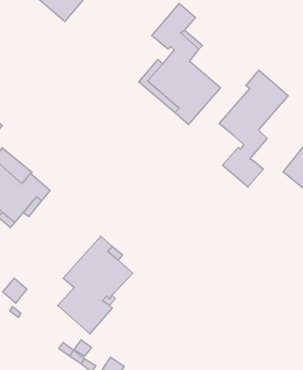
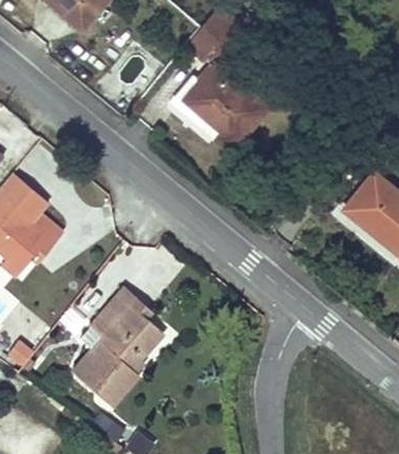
building: [219,70,288,187] -> none

